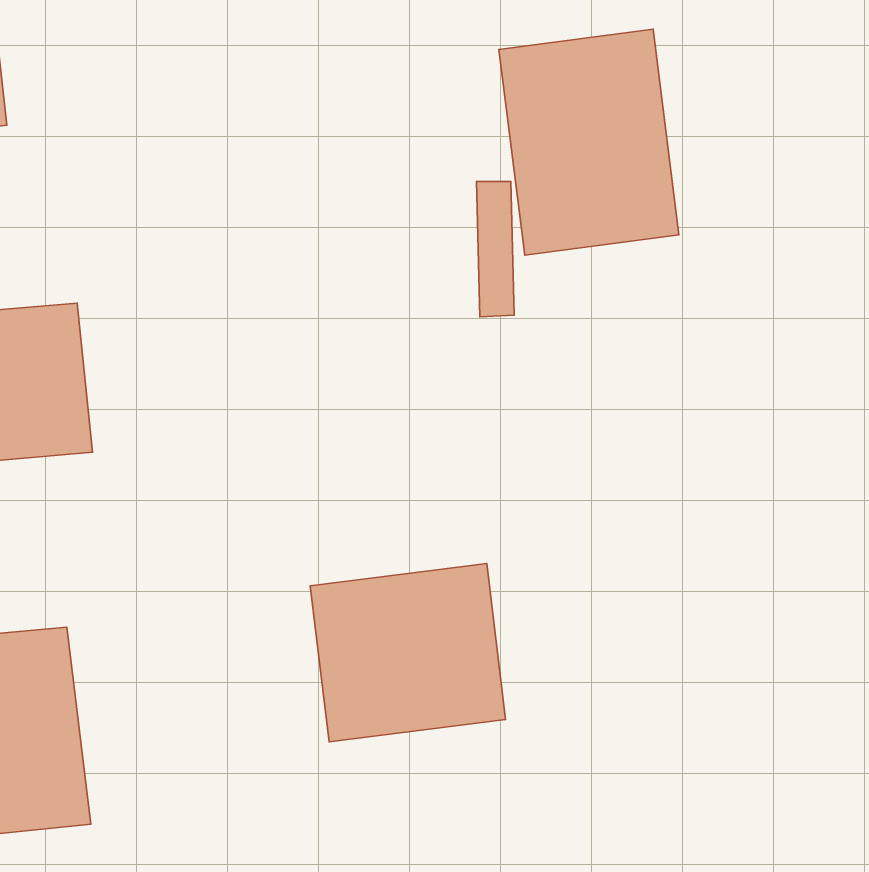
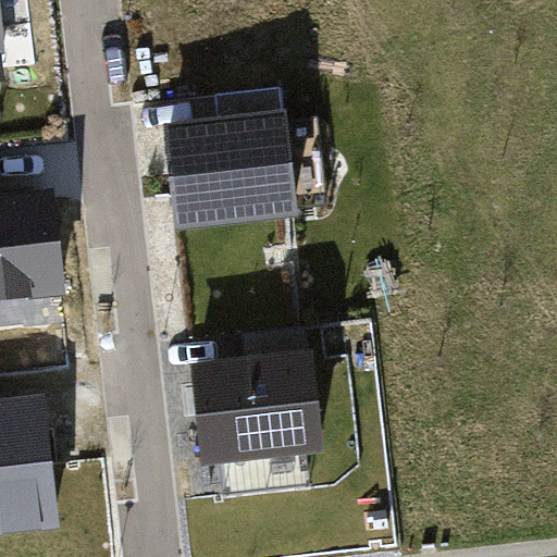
building: [499,29,679,255] -> none
building: none -> [168,113,292,224]

